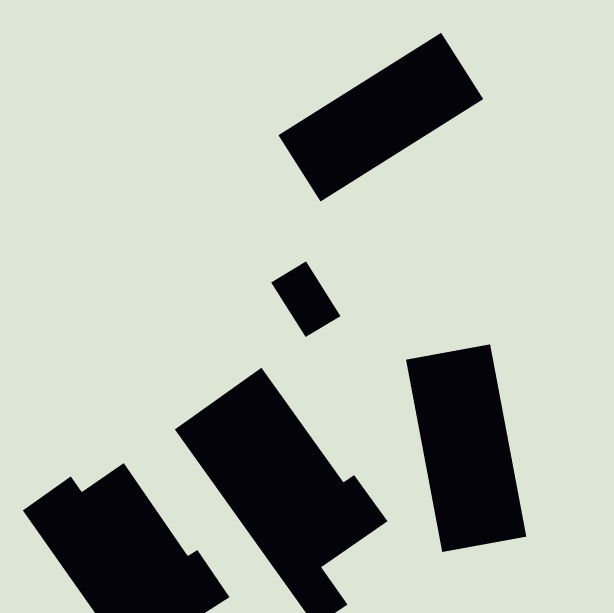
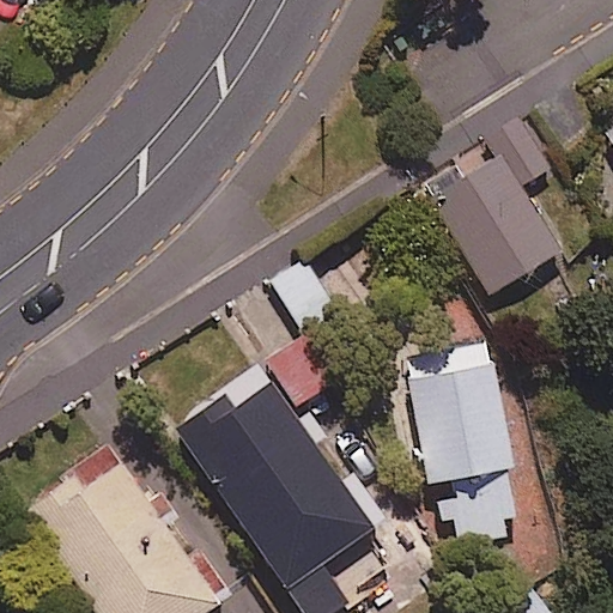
building: [277,32,484,203] -> none
building: none -> [425,128,564,298]

